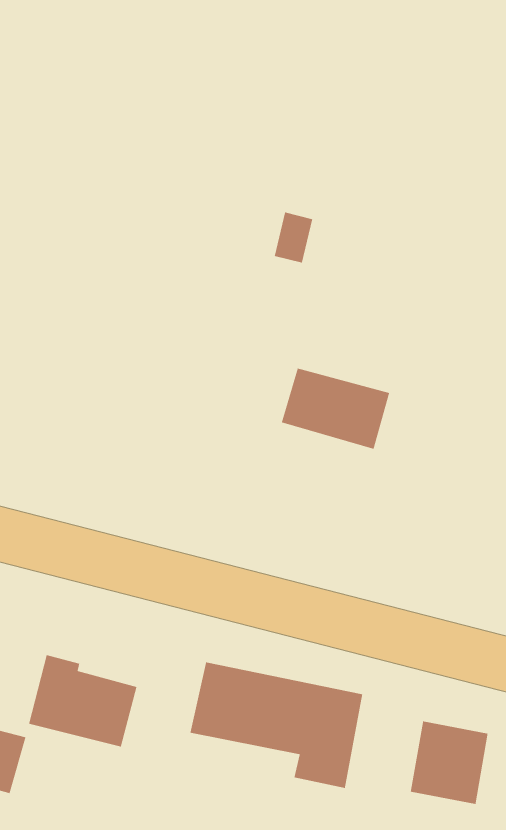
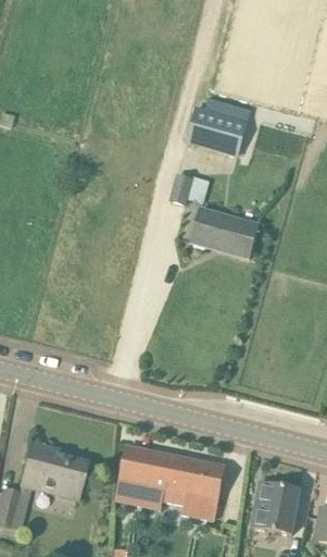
building: none -> [186,97,252,158]
building: [281,367,390,450] -> [192,208,259,258]

